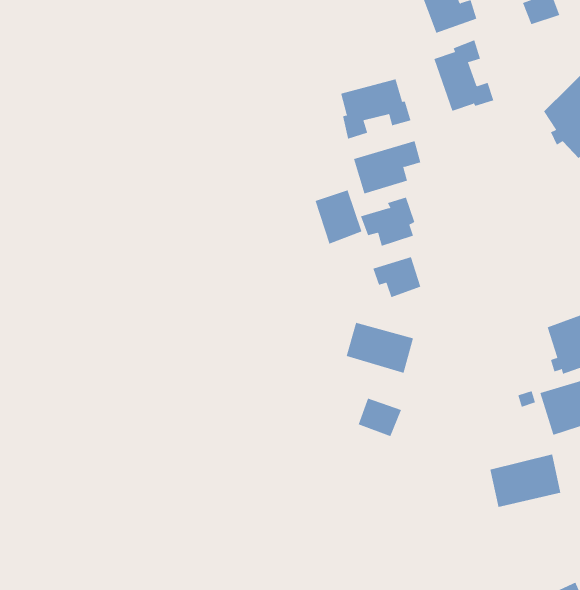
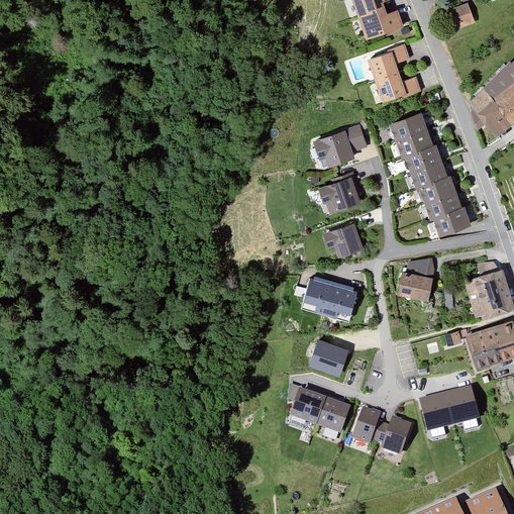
building: [341,78,411,139] -> none
building: none -> [389,111,472,232]
building: [315,190,362,245] -> none
building: none -> [393,260,435,303]
building: none -> [289,387,351,433]
building: none -> [351,406,413,455]

